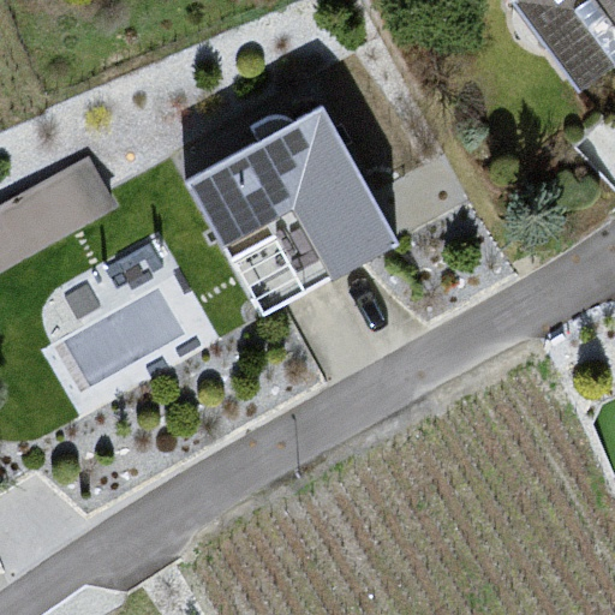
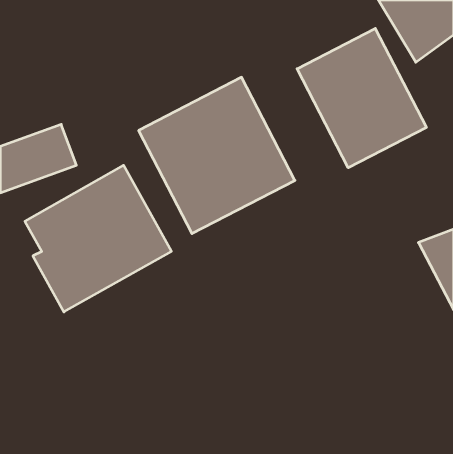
building: none -> [297,28,426,168]

